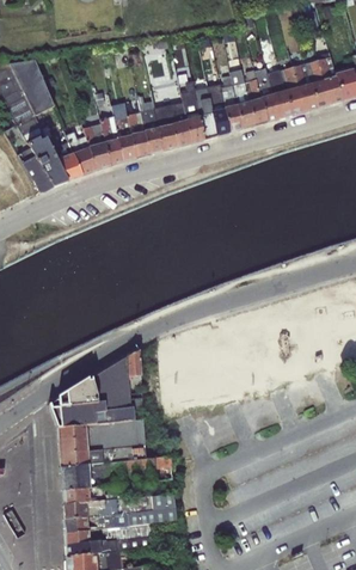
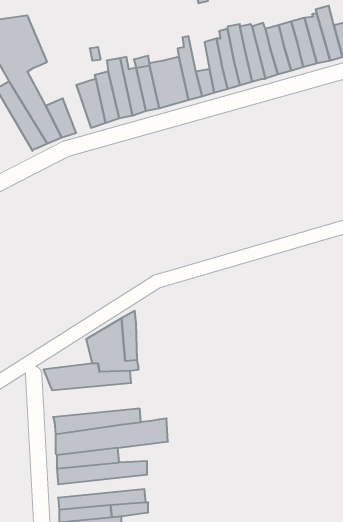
building: [66,130,97,174] -> none
building: [49,376,98,406] -> none
building: [59,418,145,453] -> none
building: [65,492,177,532] -> none

